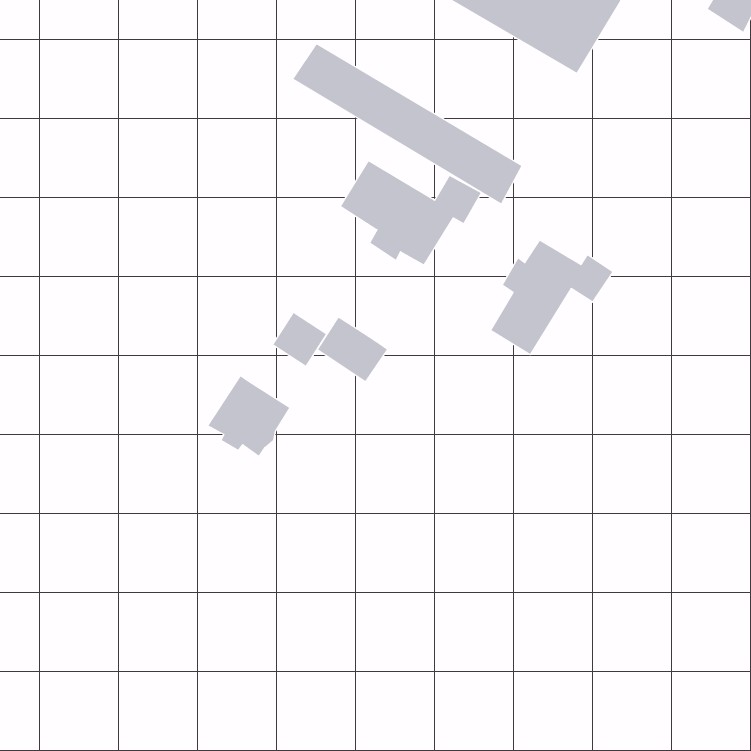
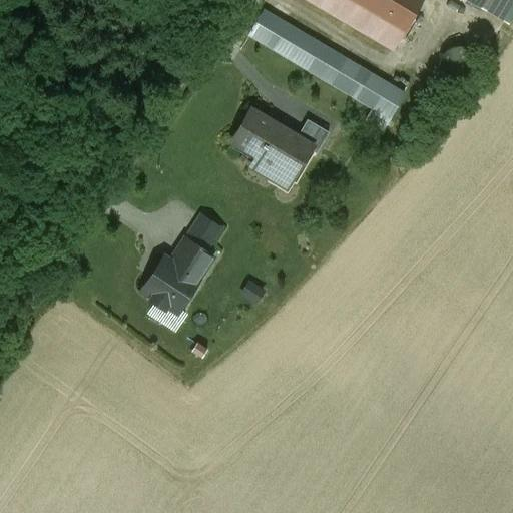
building: [293,44,522,204] -> [248,10,405,119]
building: [491,240,613,355] -> none
building: [317,317,388,382] -> [170,233,218,278]

